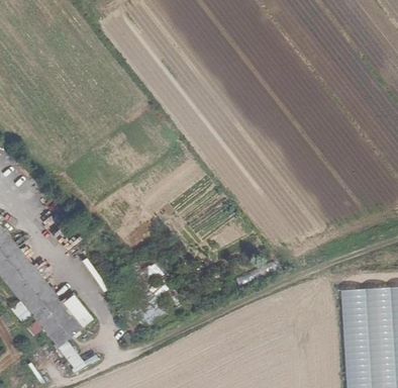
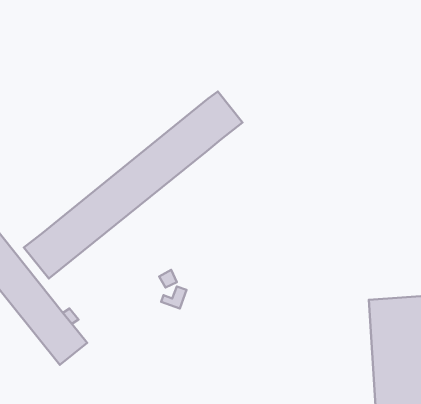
building: none -> [24,92,243,279]

